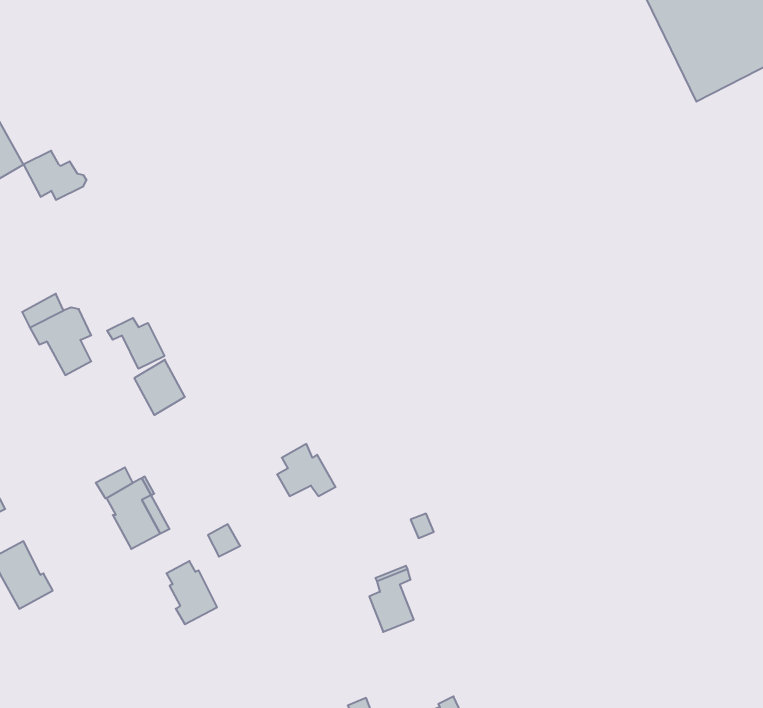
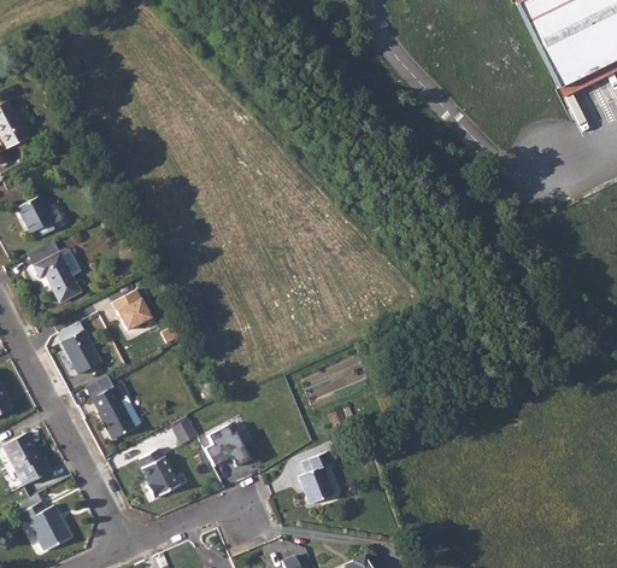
building: [24,151,87,200] -> [17,195,66,234]
building: [107,318,164,369] -> none
building: none -> [61,329,101,374]
building: [277,444,336,496] -> [206,424,252,465]
building: none -> [18,493,71,550]

